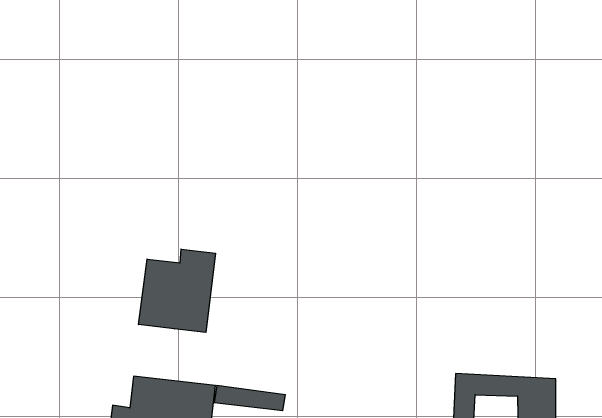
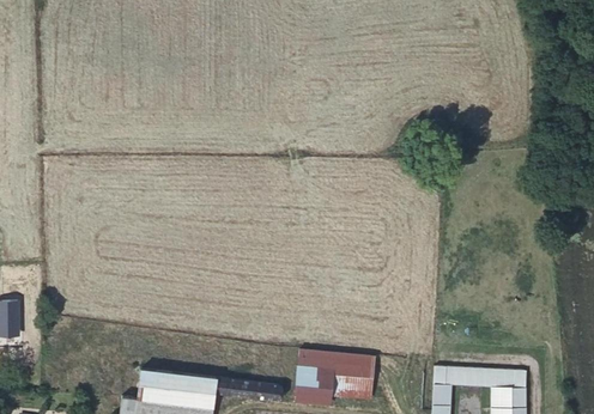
building: [139,249,215,332] -> none
building: none -> [295,349,370,397]

